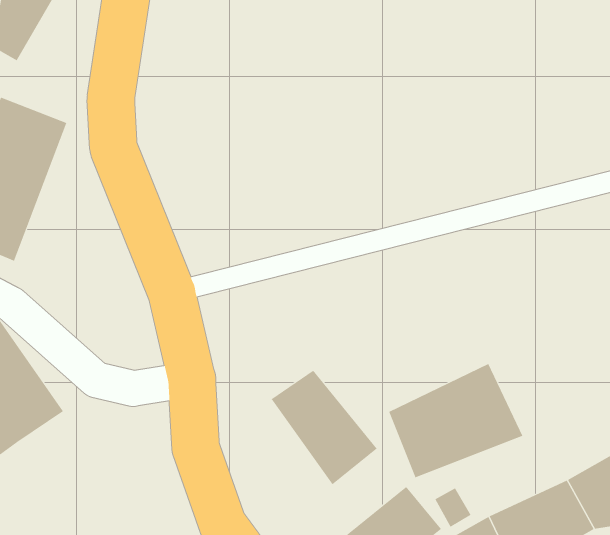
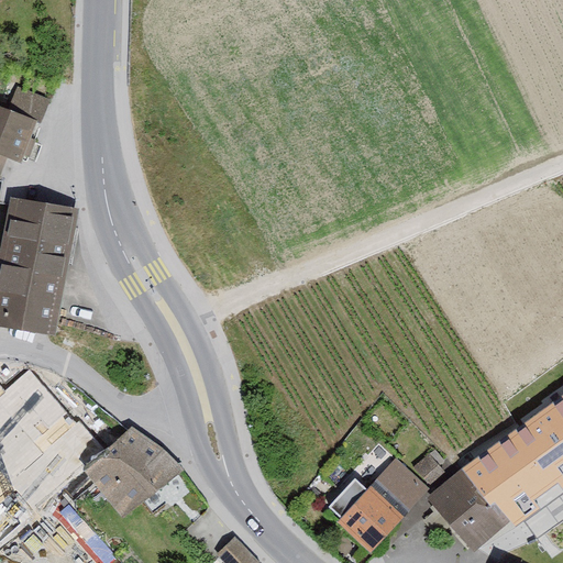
building: [388,363,523,478] -> none
building: [271,370,378,485] -> none
building: none -> [73,426,175,525]

